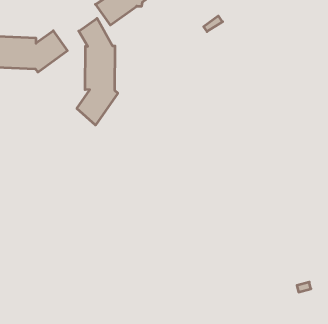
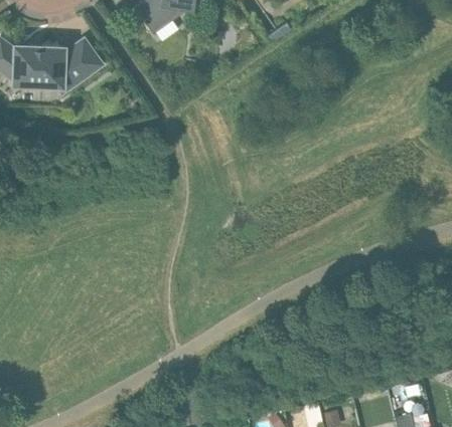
building: [77,18,118,125] -> none

